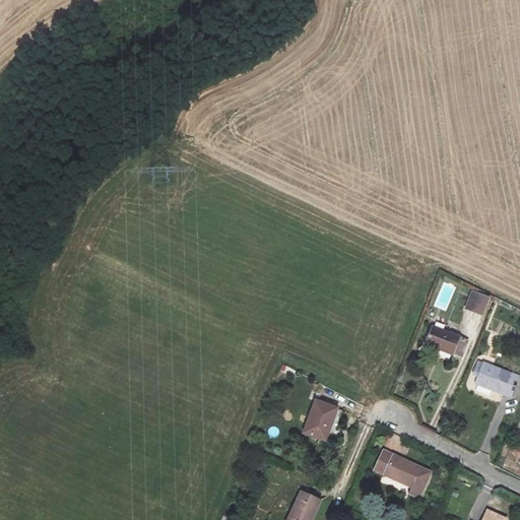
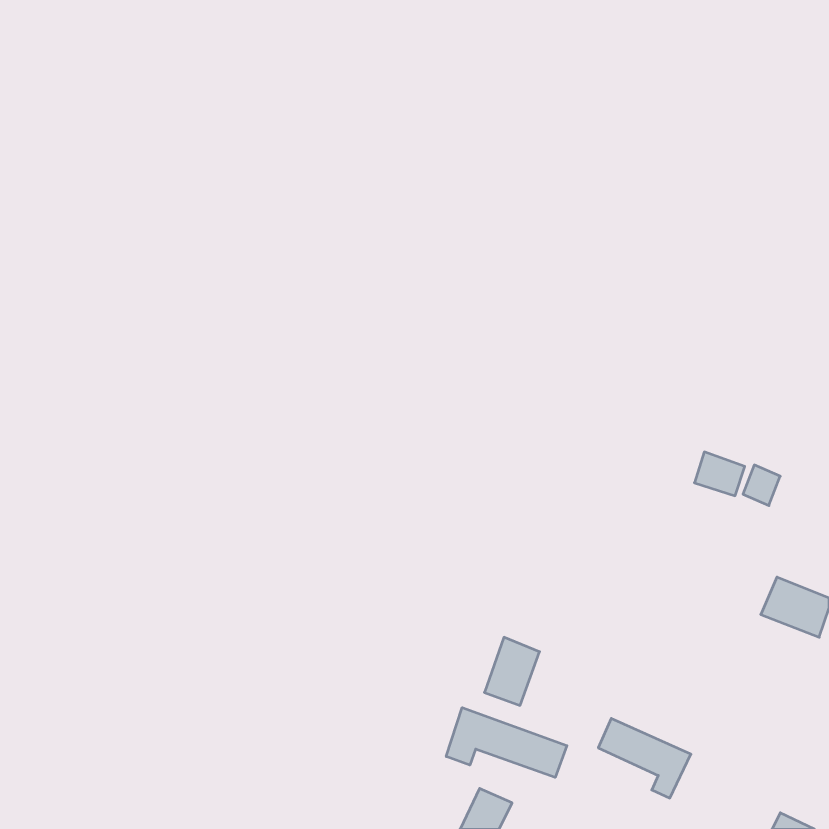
building: [426,325,457,352] -> [694,452,745,496]
building: none -> [446,708,567,777]

